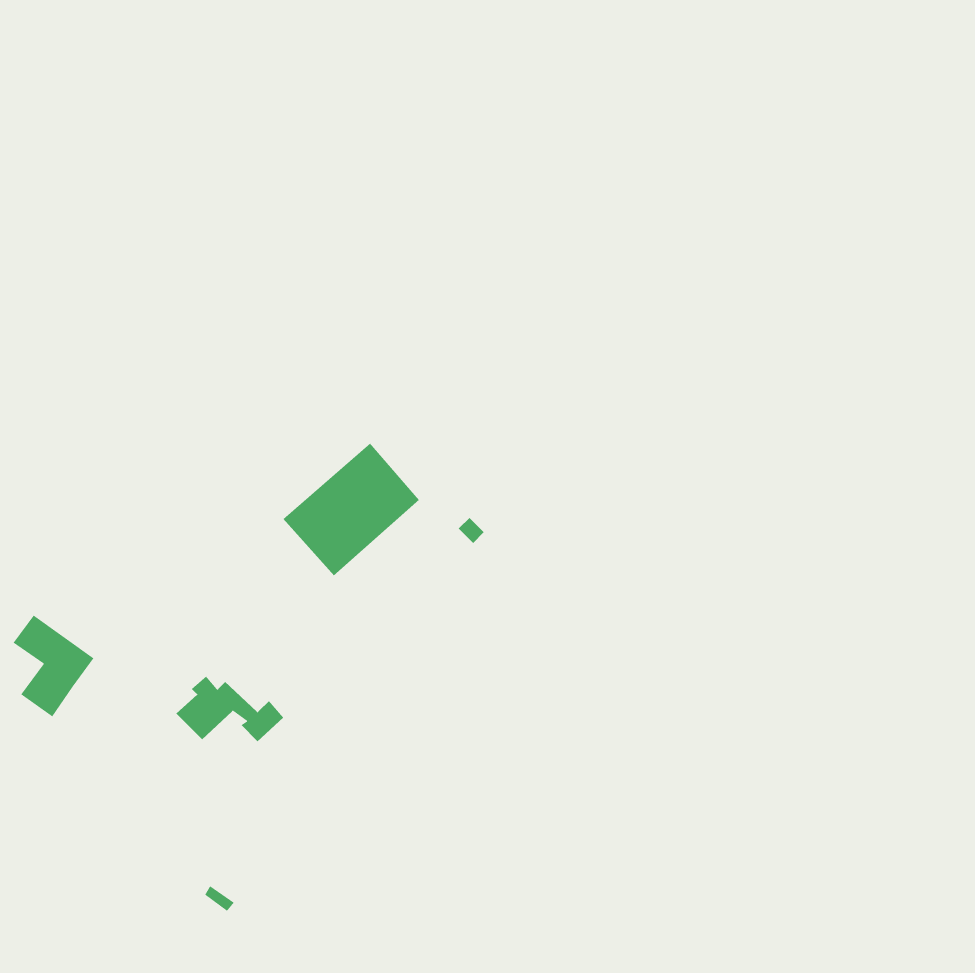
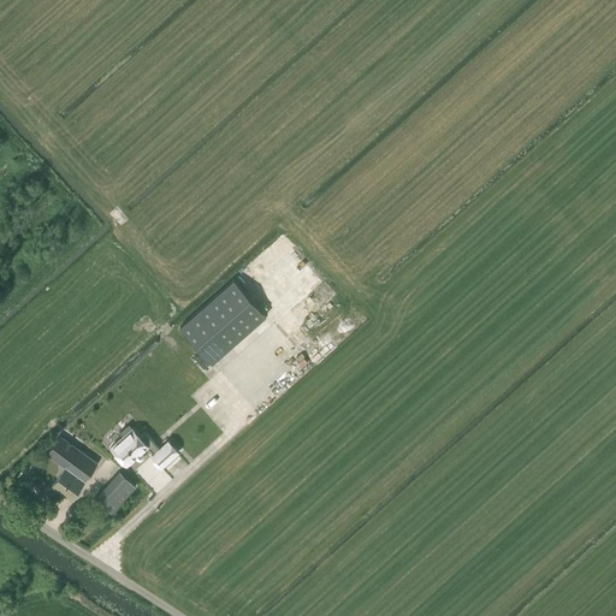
building: [12,614,95,717] -> [46,437,97,502]
building: none -> [96,474,135,513]

